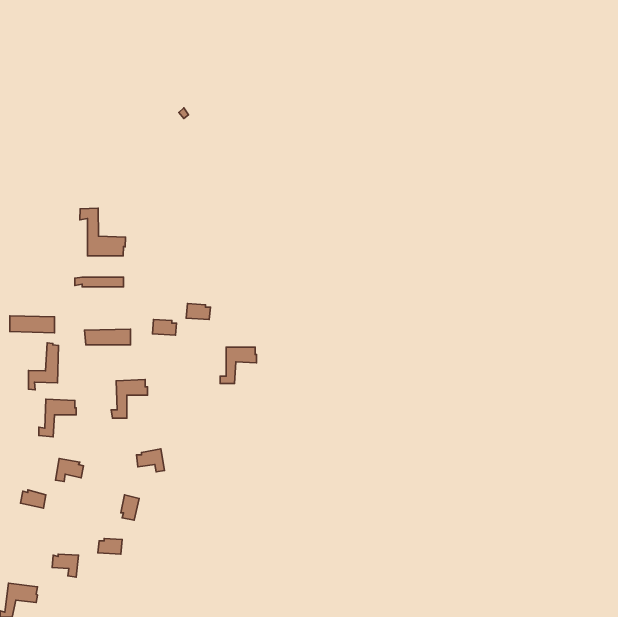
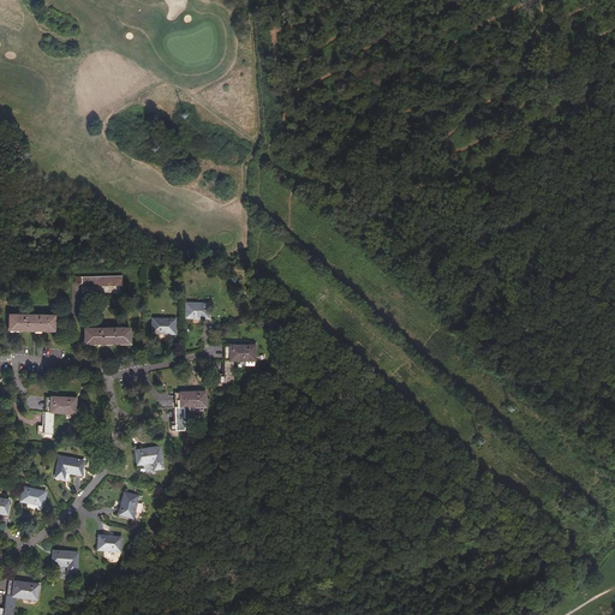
building: [80,208,126,256] -> none
building: [28,343,58,390] -> none
building: [111,380,147,418] -> [169,390,205,429]

